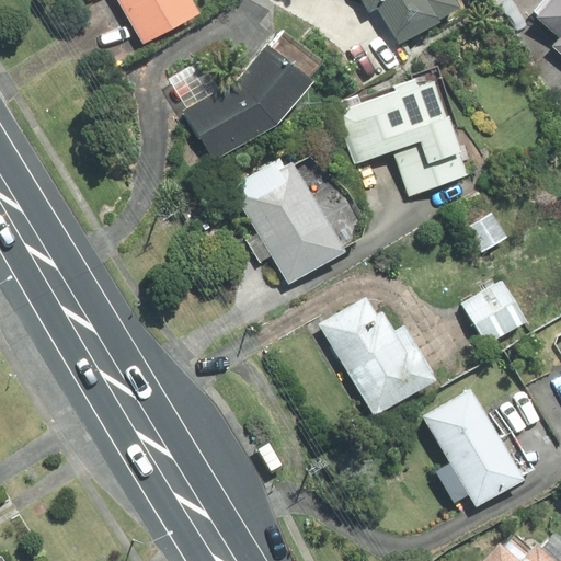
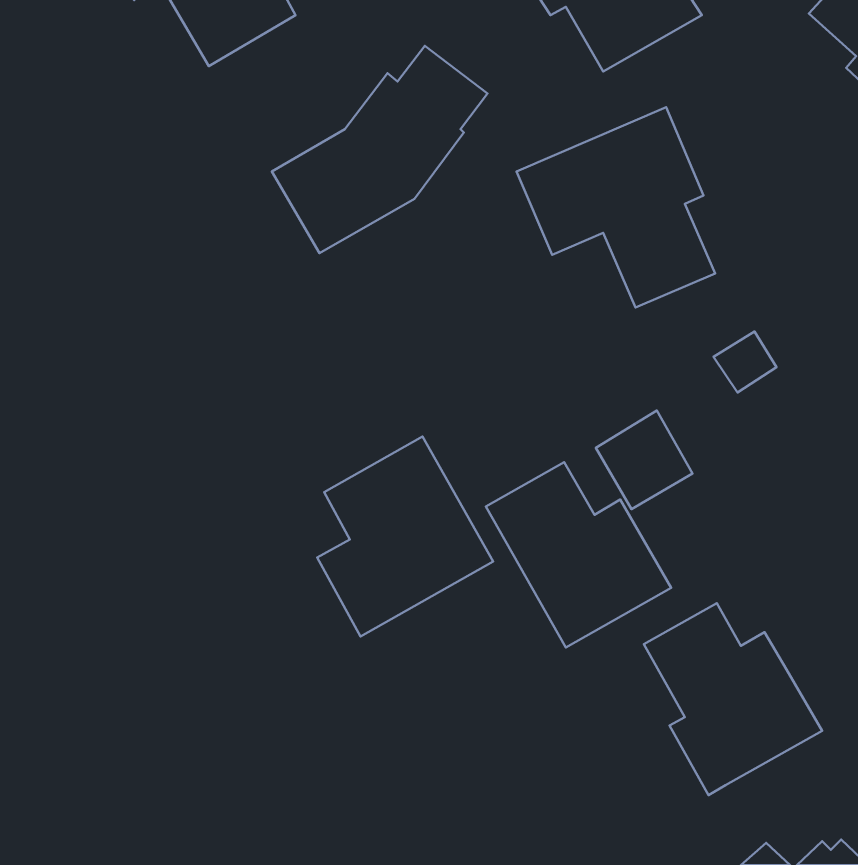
building: [232,160,367,285] -> none
building: [462,280,525,344] -> [596,411,693,509]
building: none -> [317,436,493,637]

